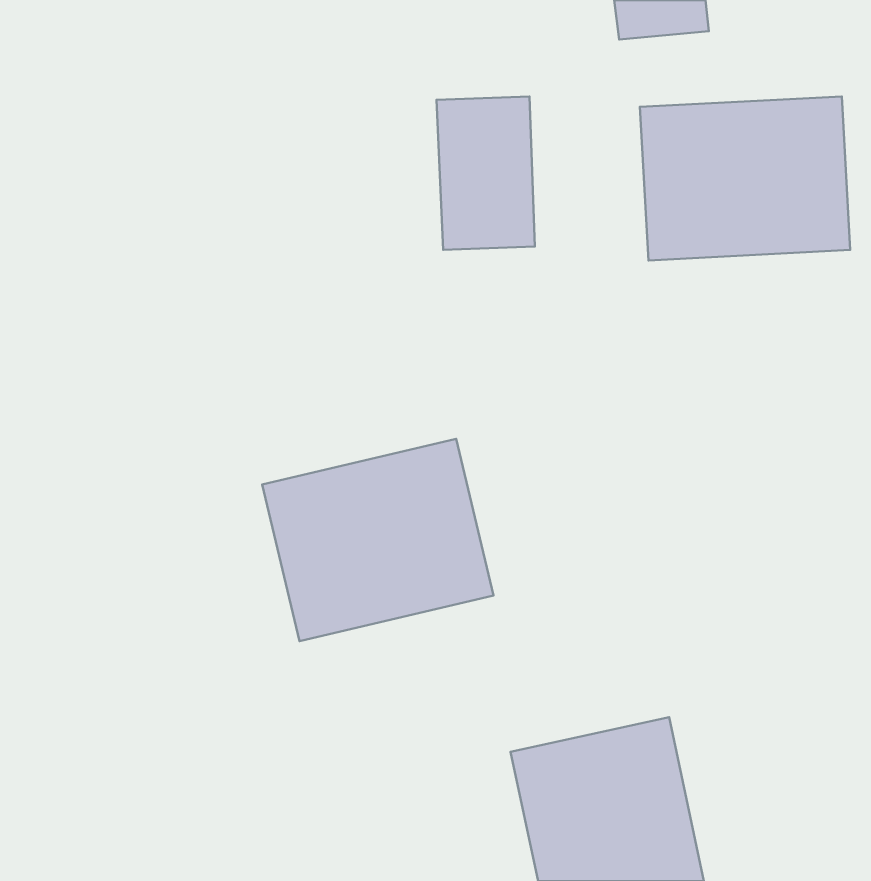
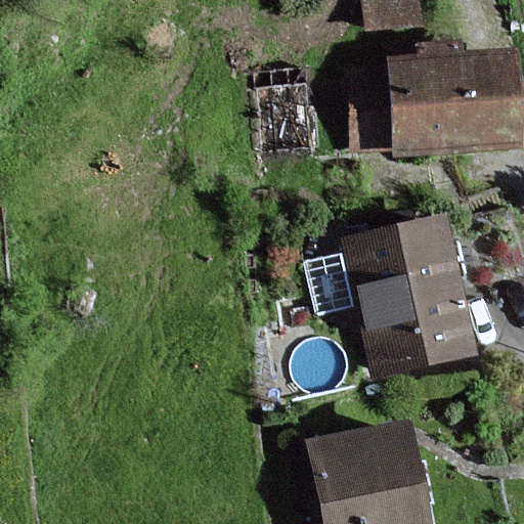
building: none -> [341,216,475,377]
building: [262,439,494,641] -> none

